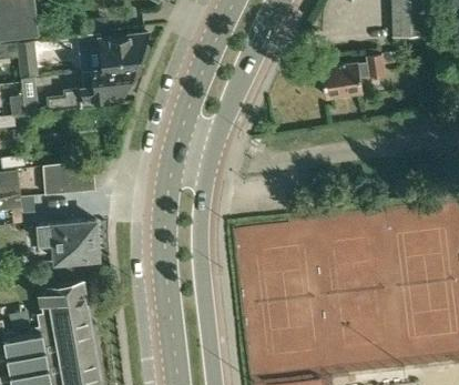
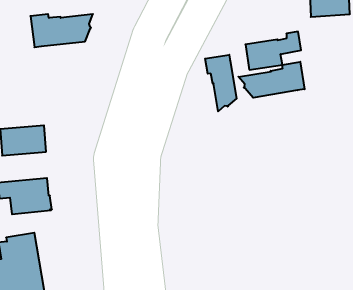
building: [48,65,139,111] -> none
building: none -> [205,55,237,111]
building: none -> [238,62,305,98]

